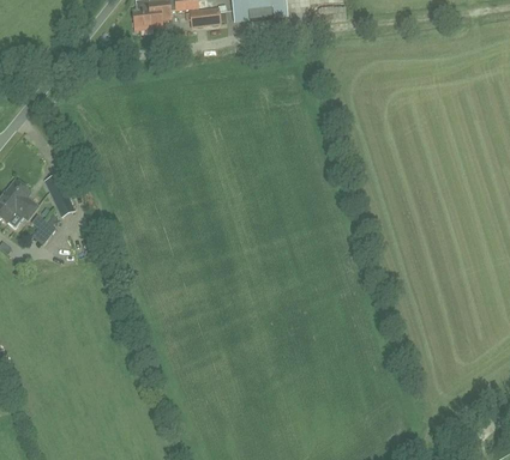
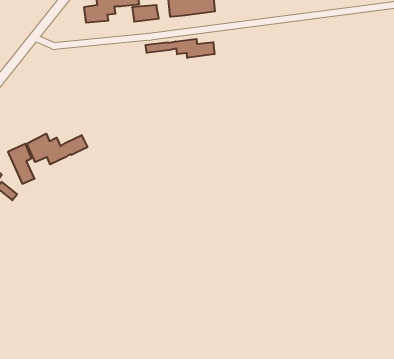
building: none -> [146,39,214,58]
building: none -> [27,134,87,164]

